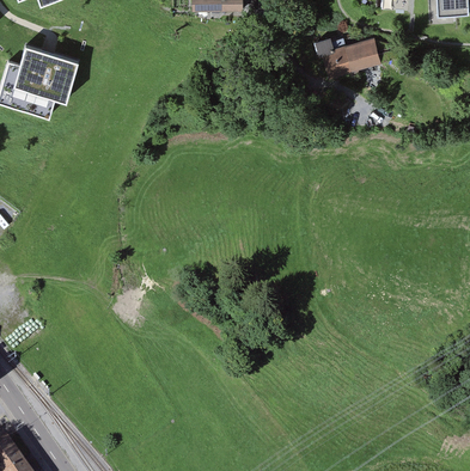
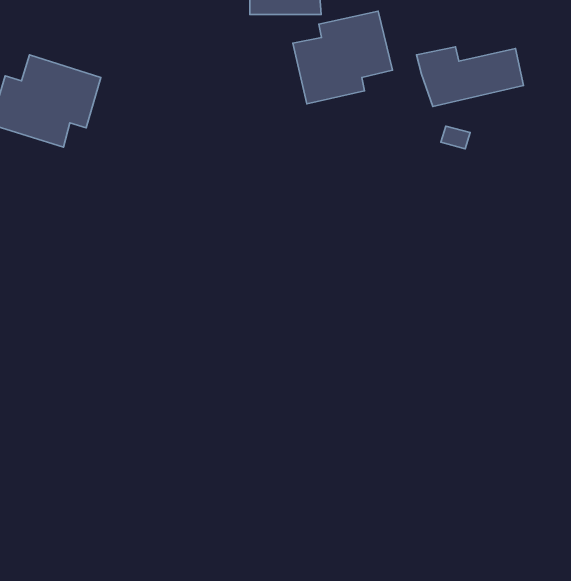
building: none -> [293,11,393,104]

